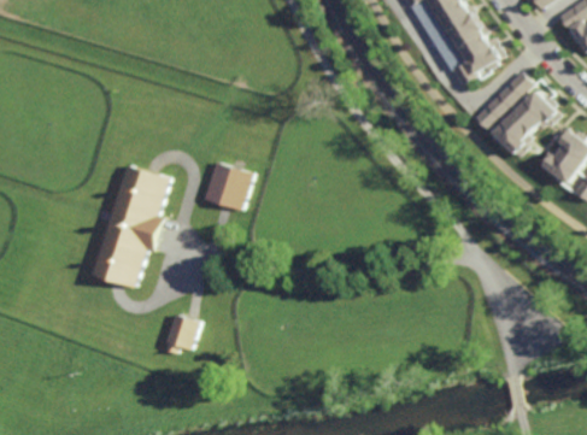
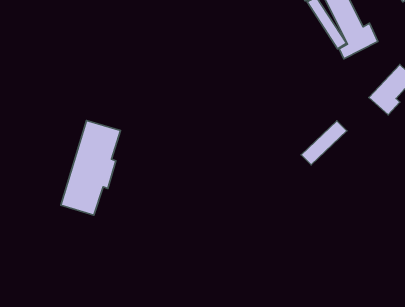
building: [472,72,533,130] -> [301,121,347,165]
building: [199,161,250,211] -> none
building: [160,315,195,354] -> none

